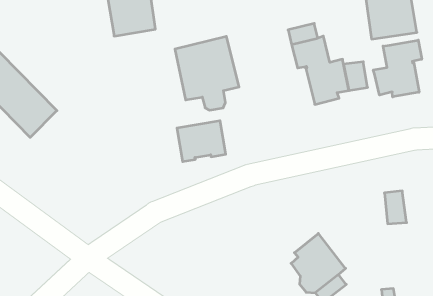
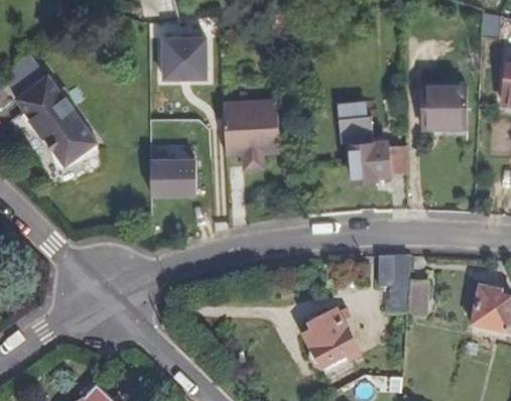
building: [373,40,422,97] -> none
building: [177,121,226,162] -> [151,158,196,192]
building: none -> [376,255,407,313]

